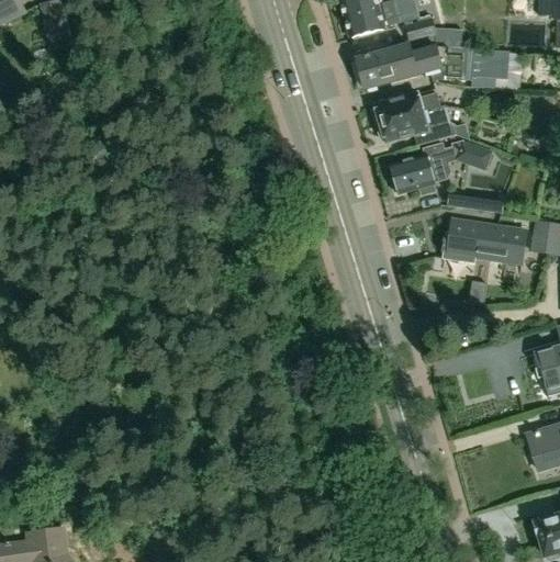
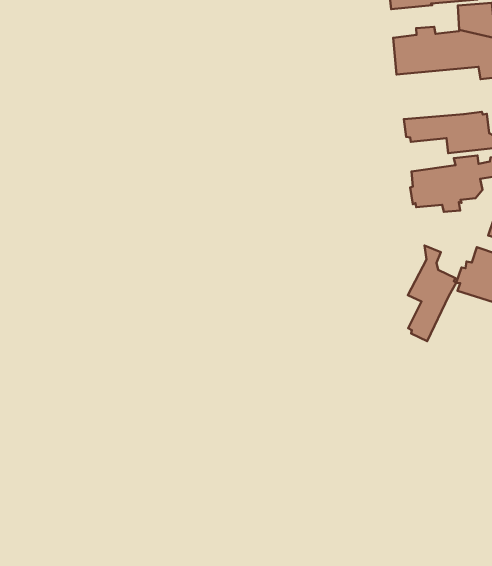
building: [374,92,439,123] -> none
building: none -> [408,246,456,341]

